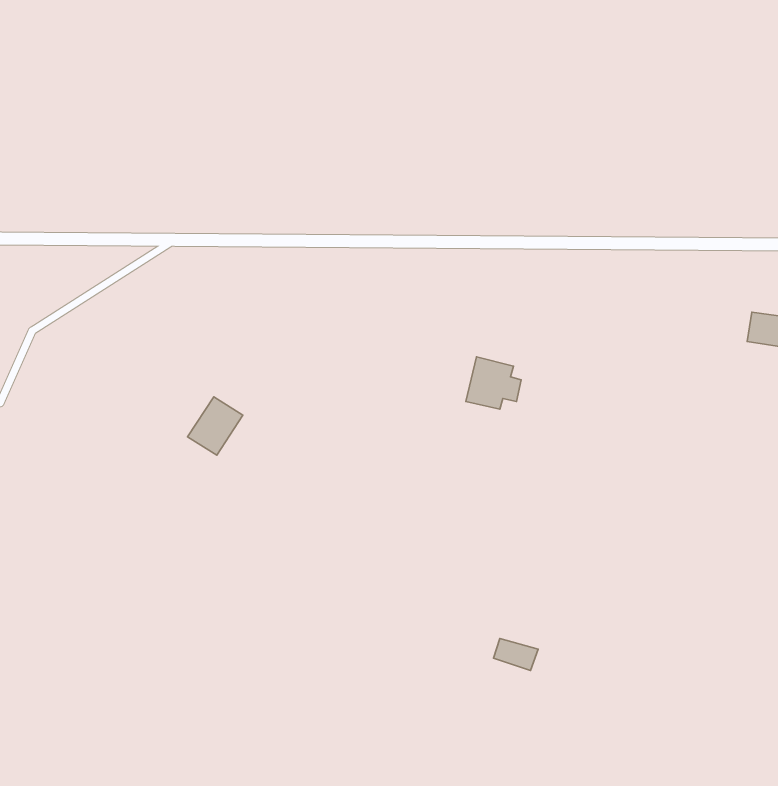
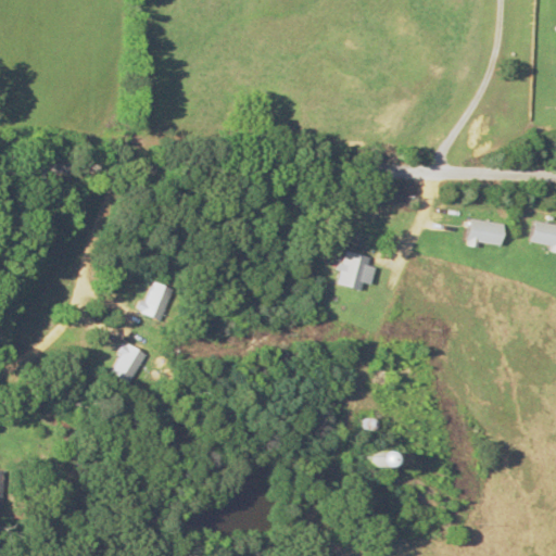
building: none -> [466,218,505,247]
building: none -> [111,343,148,384]

